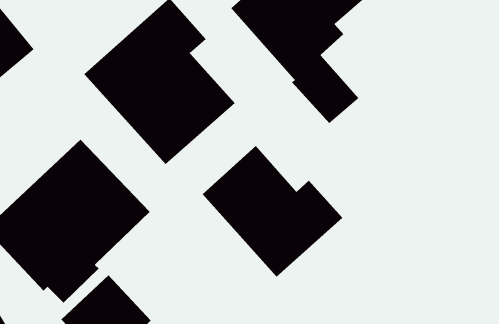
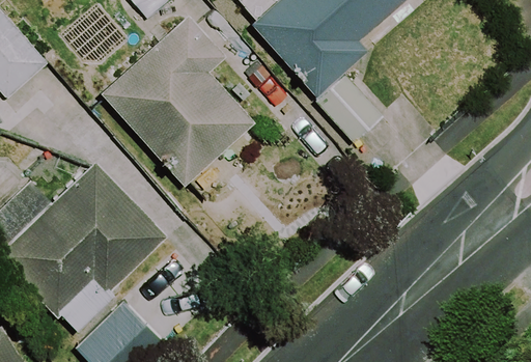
building: [202,145,343,277] -> none

